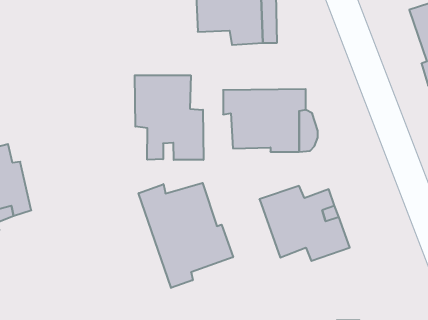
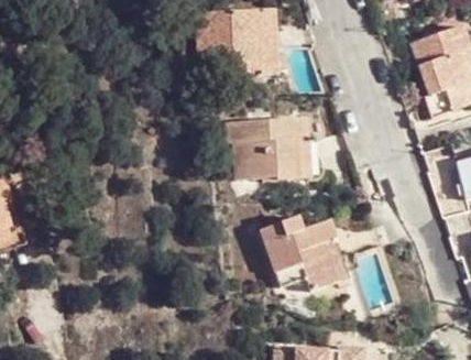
building: [135,75,203,160] -> none
building: [139,183,233,288] -> none

